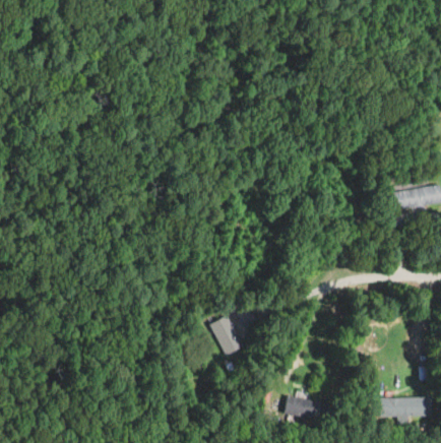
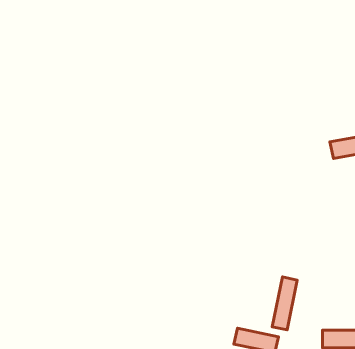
building: [208,316,241,355] -> none
building: none -> [272,277,297,330]

